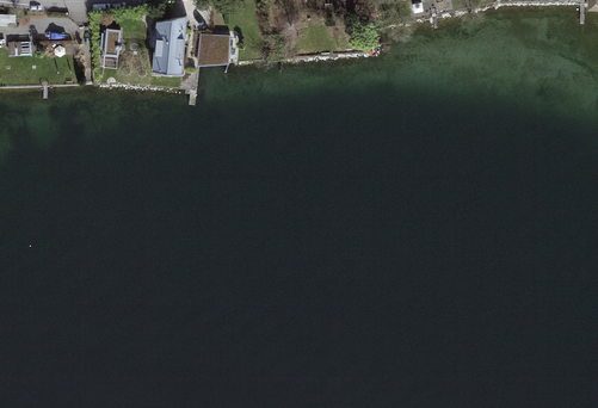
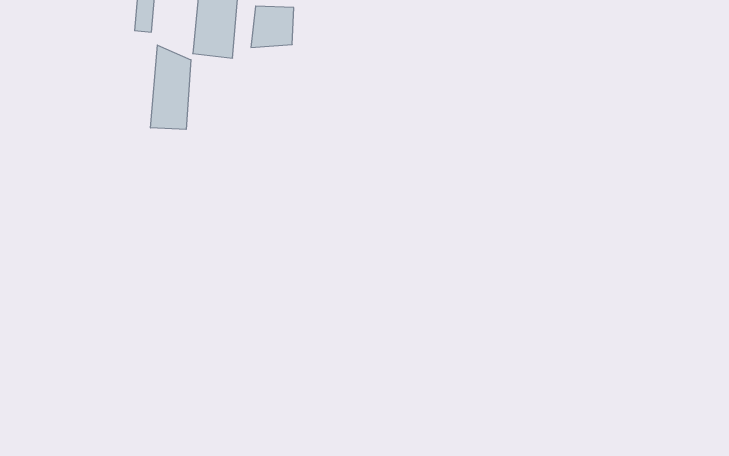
building: none -> [151,45,191,129]

